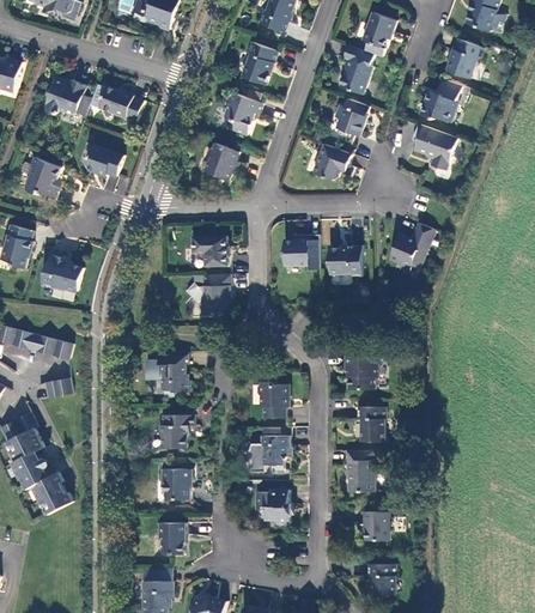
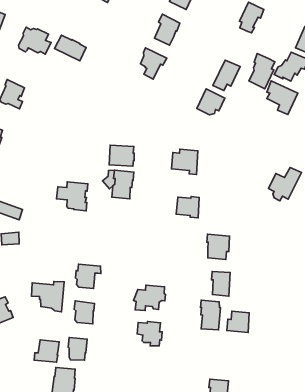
building: [339,43,373,93] -> [249,53,275,89]
building: [86,142,123,175] -> none
building: [203,144,239,180] -> none
building: [390,223,436,273] -> [269,167,301,201]
building: [329,244,361,274] -> [176,197,199,218]
building: [41,254,83,291] -> none
building: [145,351,189,390] -> [57,182,88,211]
building: [256,381,288,417] -> none
building: none -> [32,281,64,312]
building: [358,511,389,540] -> [227,311,249,333]
building: none -> [34,340,59,362]

